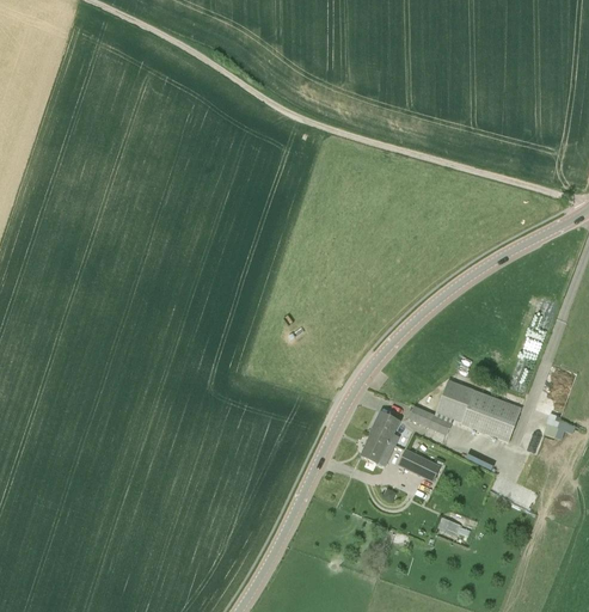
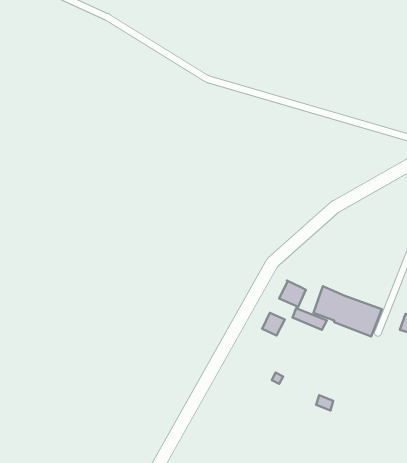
building: [361,432,394,465] -> [279,280,306,307]
building: [398,448,440,481] -> none

